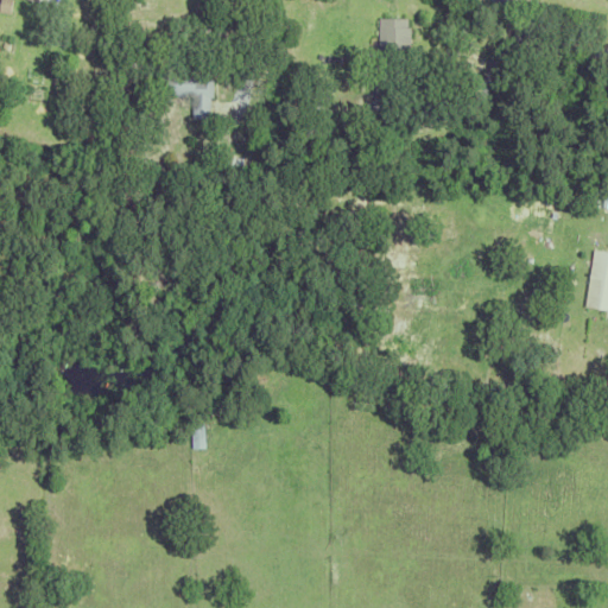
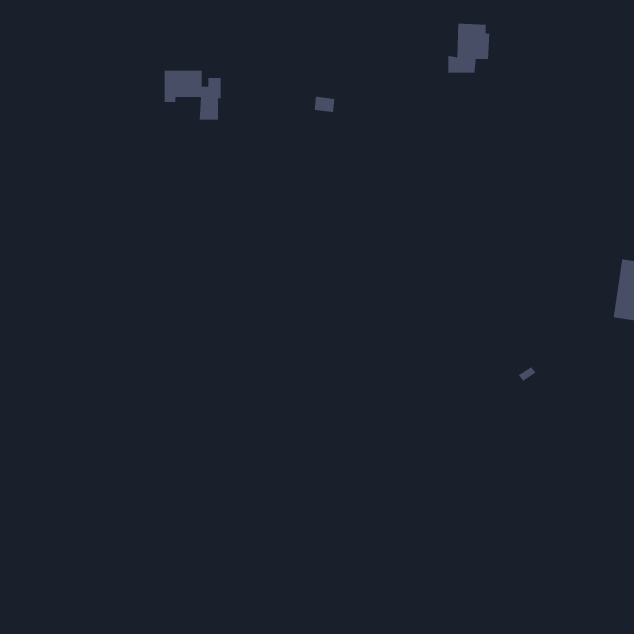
building: [372,18,412,65] -> [448,23,490,73]

